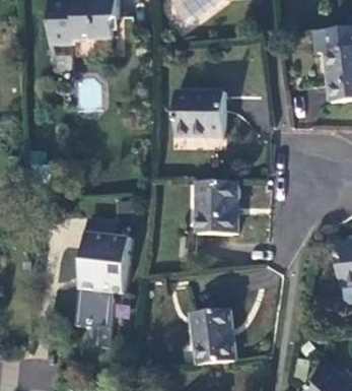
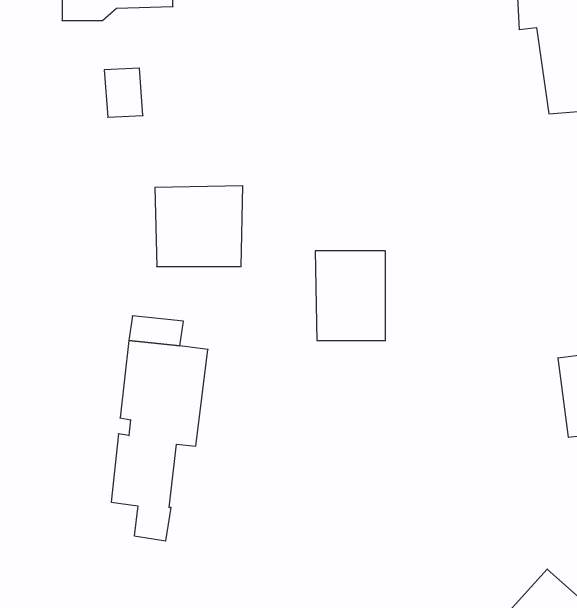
building: [173,88,224,135] -> [155,186,243,267]
building: [191,308,234,364] -> none

